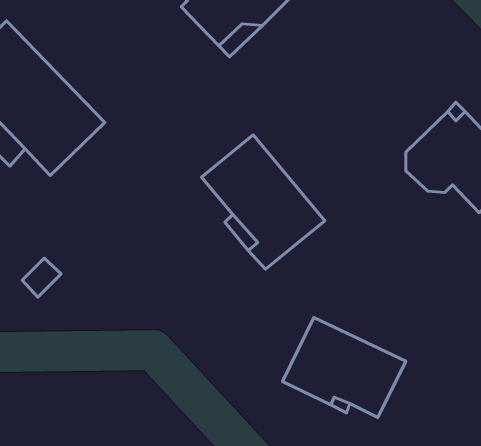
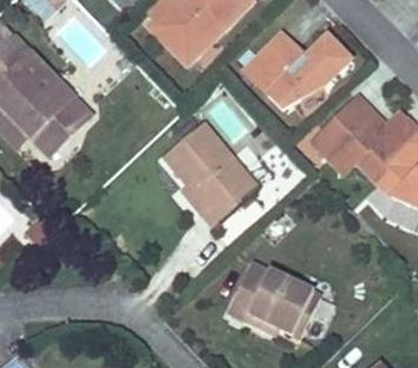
building: none -> [246,33,344,105]

